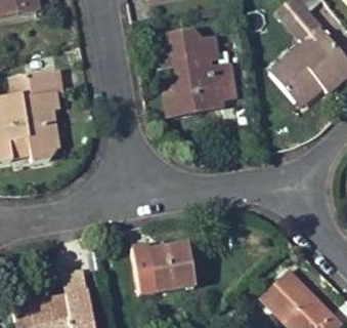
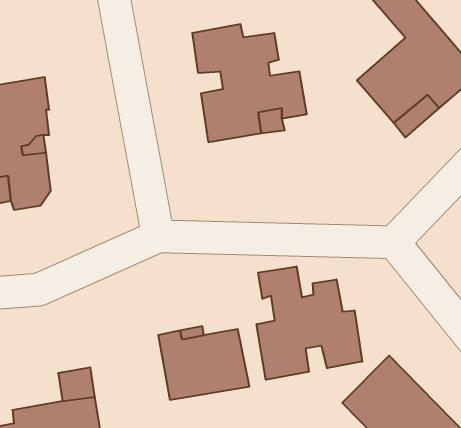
building: none -> [257,266,362,380]

